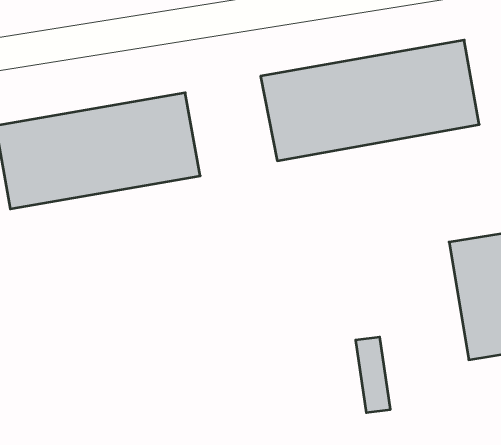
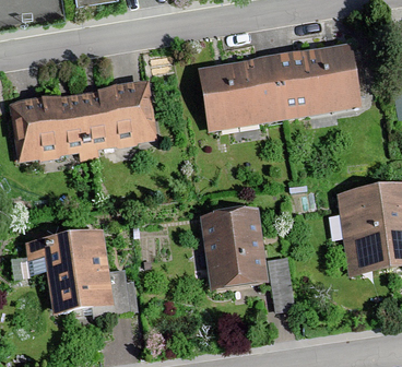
building: none -> [201,210,269,291]
building: none -> [29,227,115,316]

